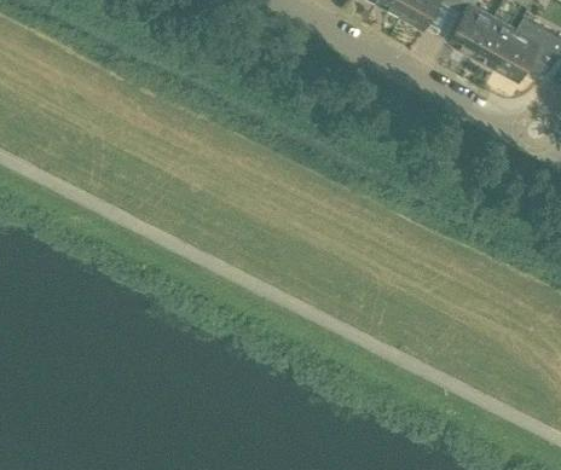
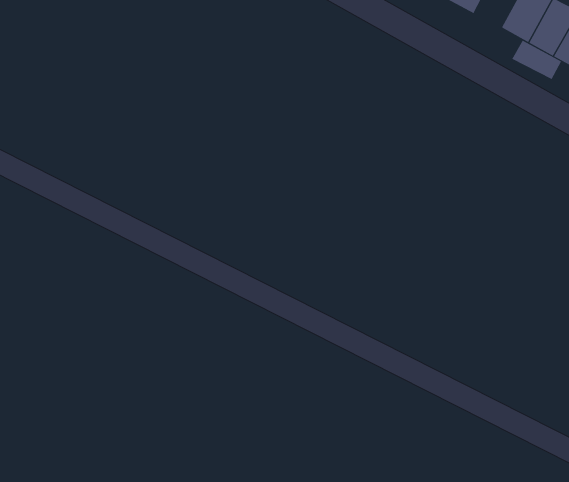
building: none -> [512,40,562,80]

